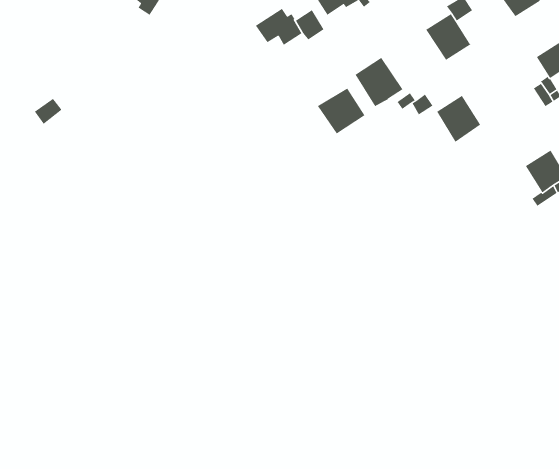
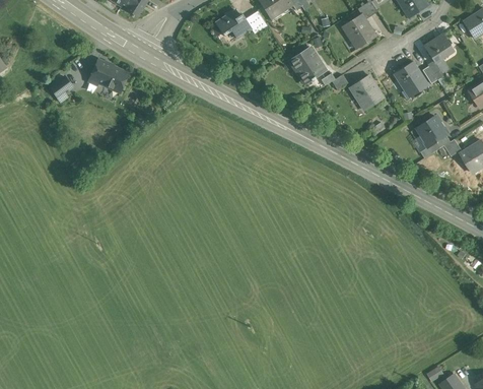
building: none -> [87,60,128,92]
building: none -> [392,61,428,99]
building: [317,87,366,134] -> none

